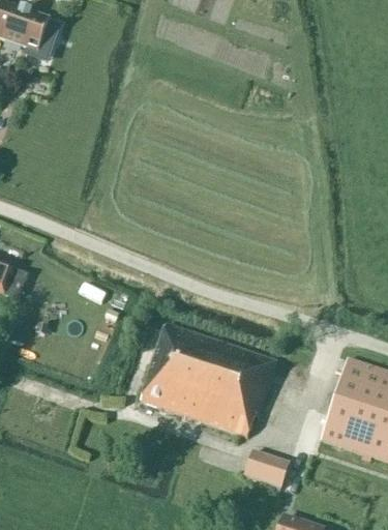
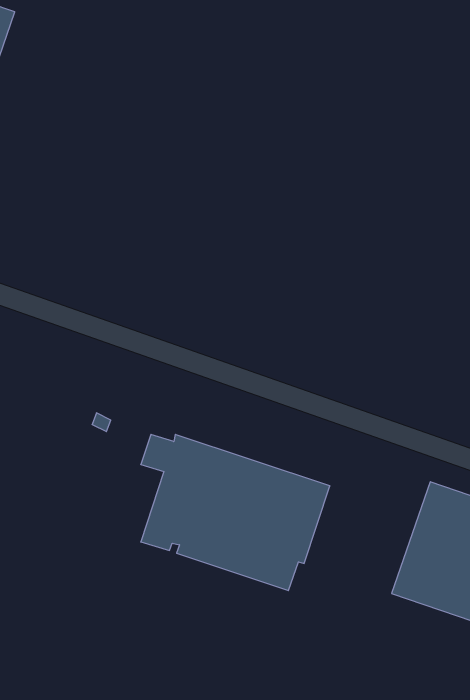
building: [245,449,290,485] -> none

